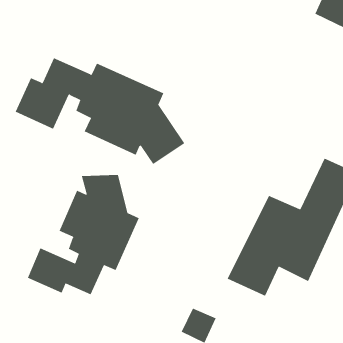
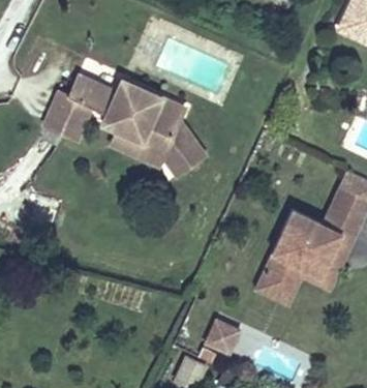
building: [27,174,140,295] -> none

